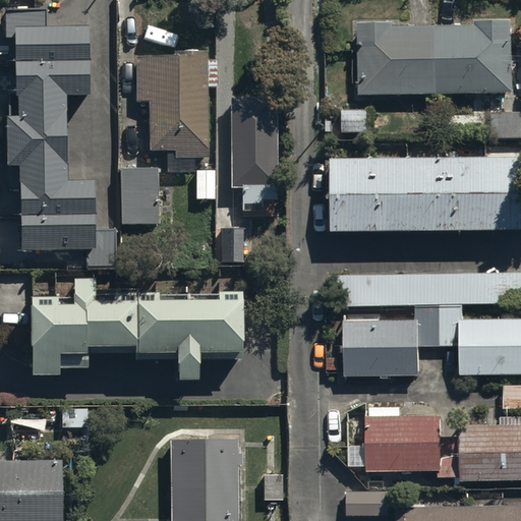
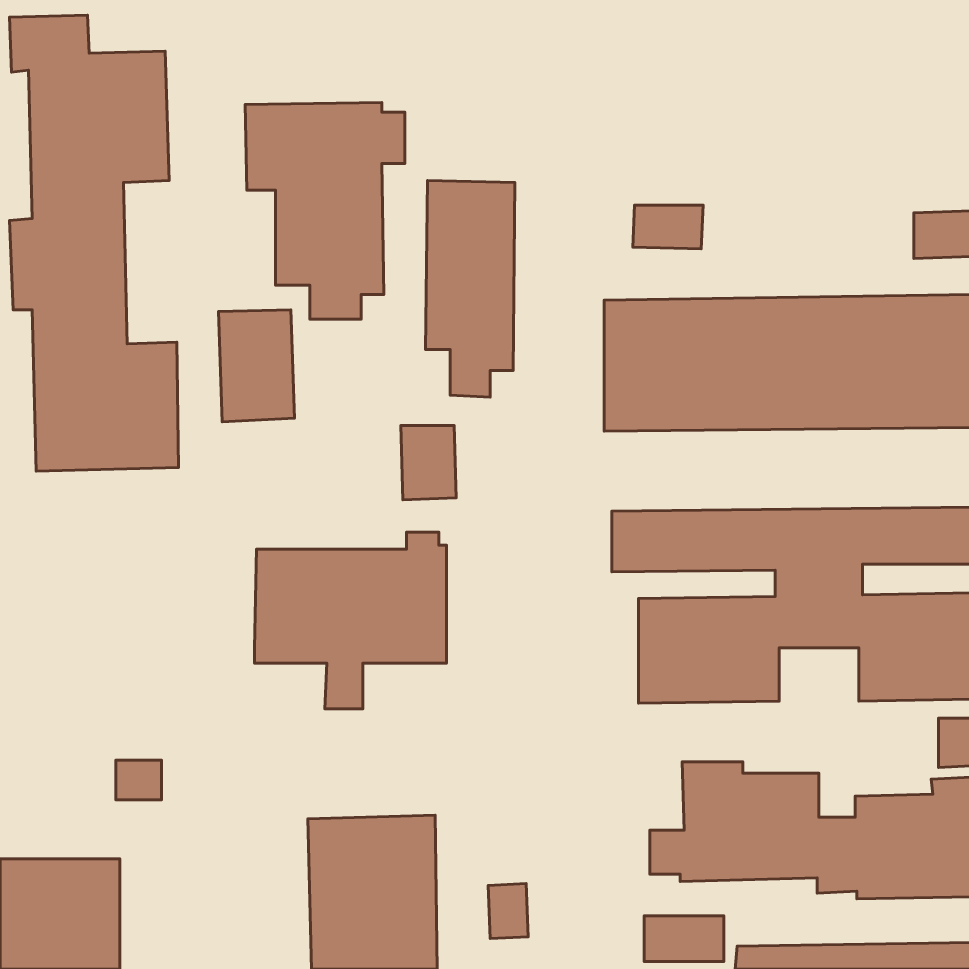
building: [357,20,513,96] -> none
building: [31,279,138,377] -> none

